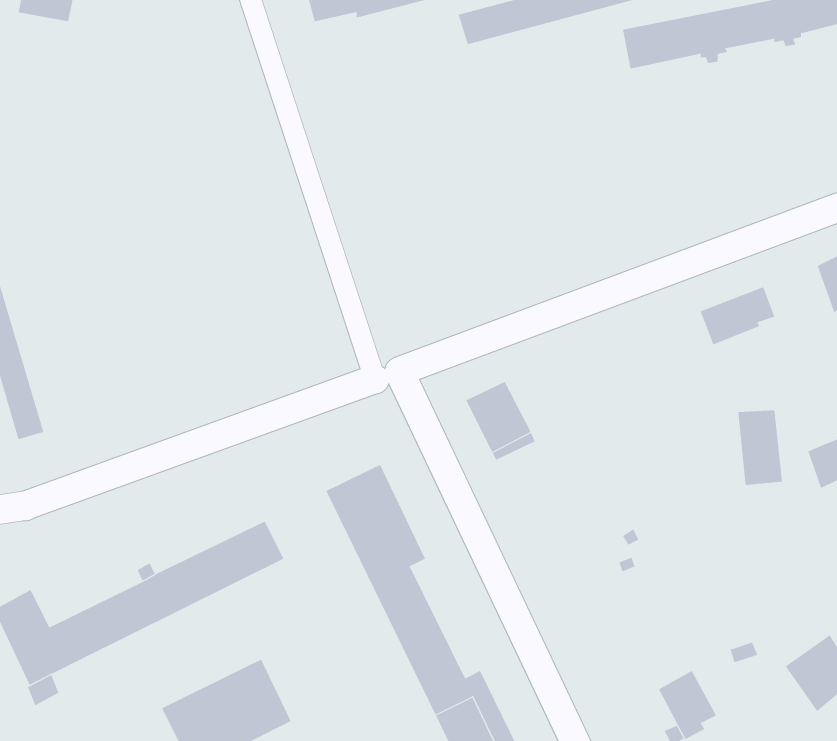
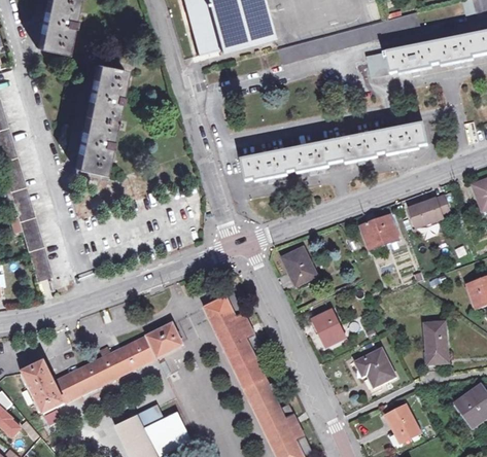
building: none -> [74,63,124,172]
building: none -> [242,122,426,181]
building: none -> [361,216,397,249]
building: [737,410,783,486] -> [423,322,448,363]
building: none -> [312,311,344,347]
building: none -> [356,349,393,393]

